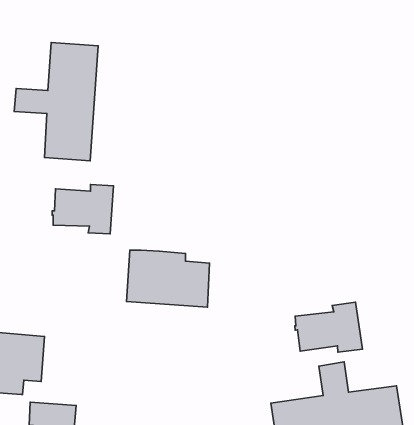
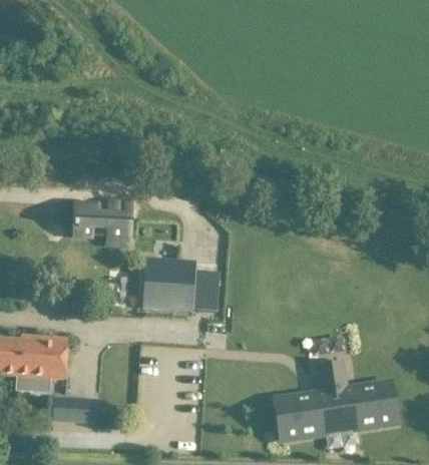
building: [14,43,98,161] -> none
building: [295,302,362,352] -> none

